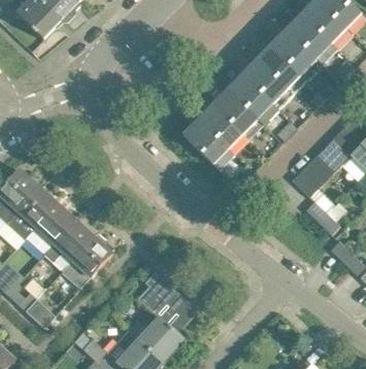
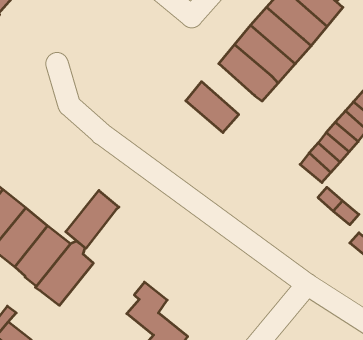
building: [212,90,257,134] -> none
building: [182,120,228,169] -> none
building: none -> [66,190,119,248]

